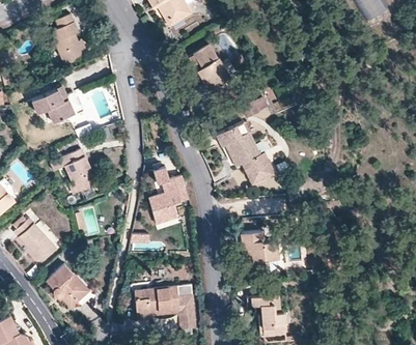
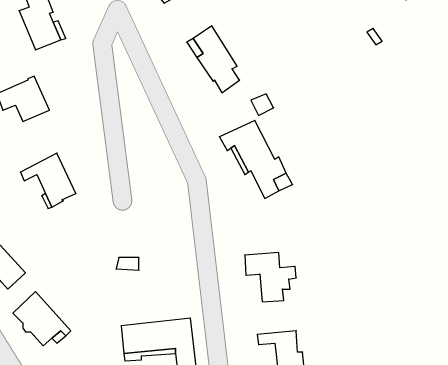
building: [149,168,190,225] -> none

